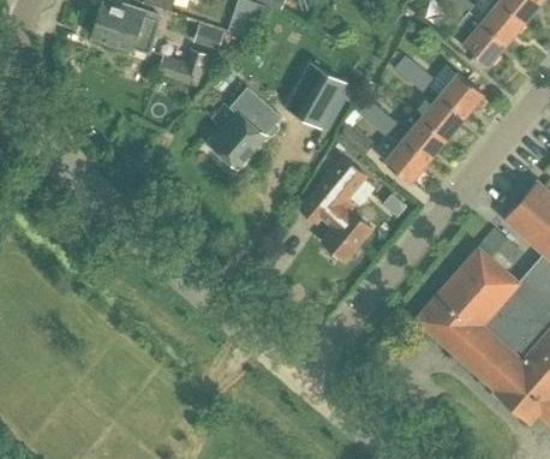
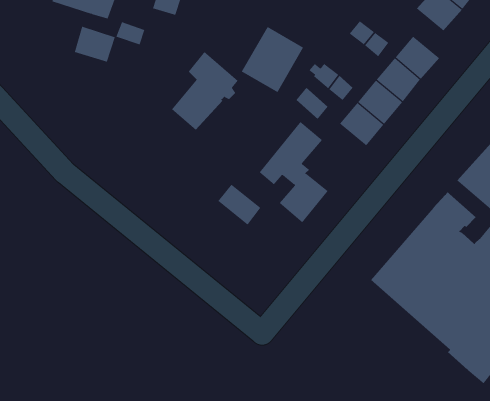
building: none -> [74,26,115,63]
building: none -> [218,184,261,226]

